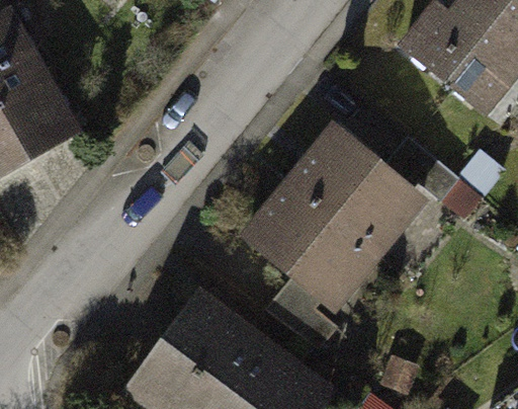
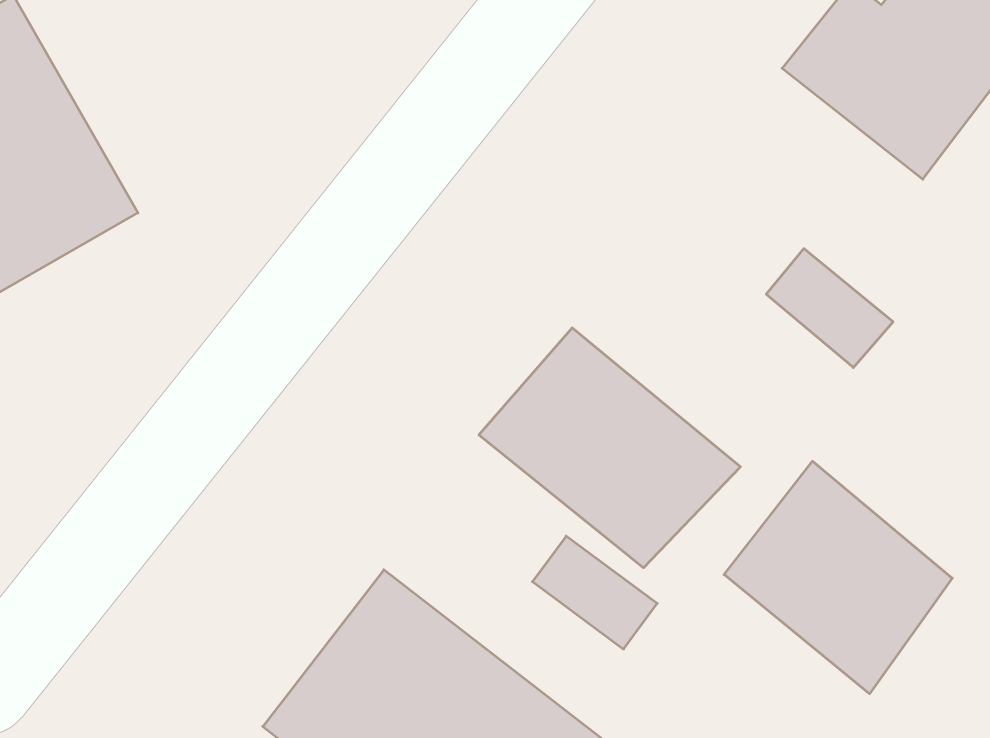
building: [295,128,428,254] -> none
building: none -> [724,461,952,694]

